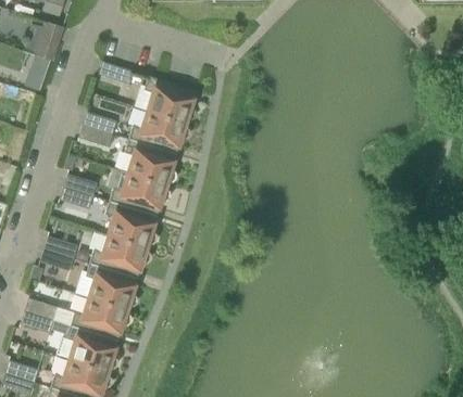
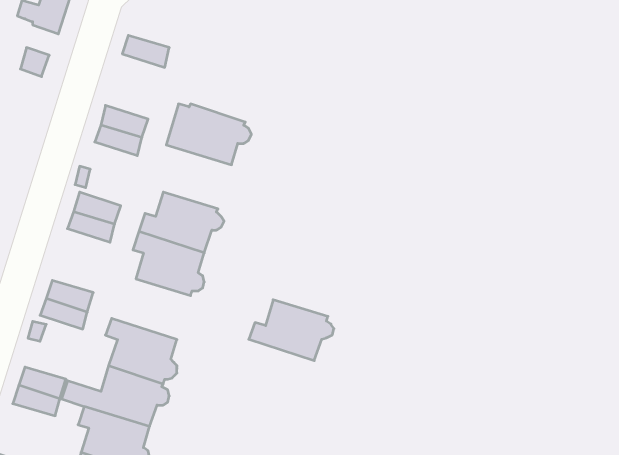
building: [143,76,197,124] -> none
building: [125,140,176,185] -> none
building: [90,235,151,279] -> [249,300,334,361]

